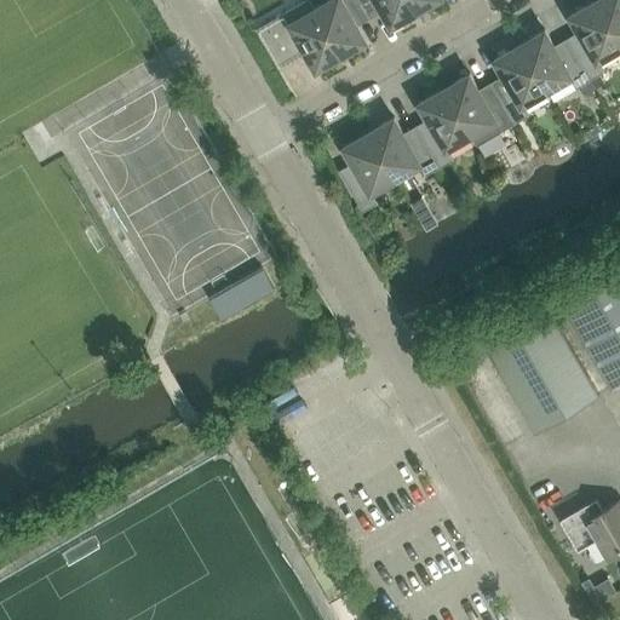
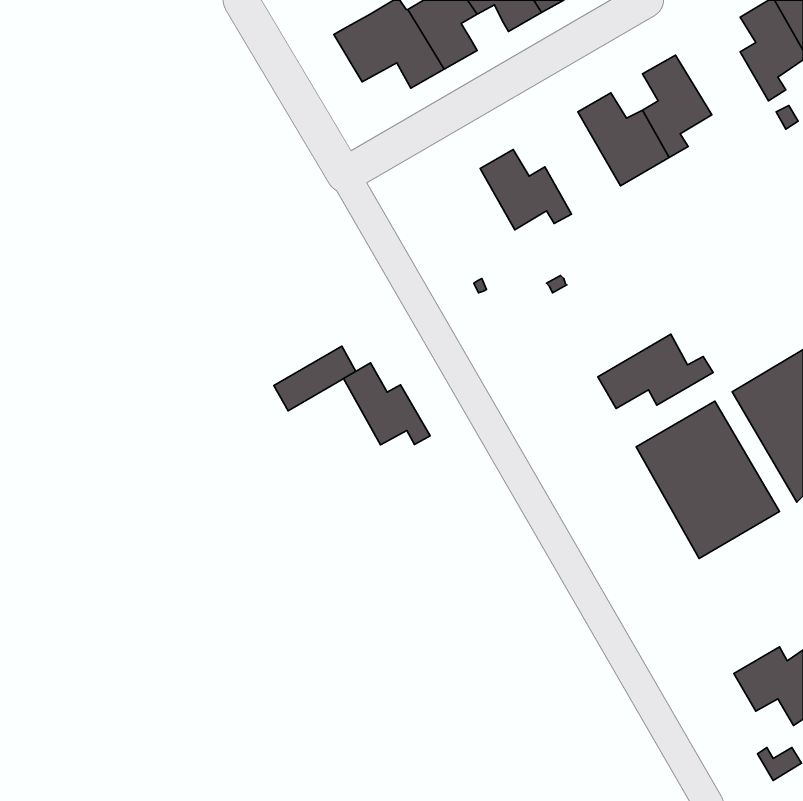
building: [519,29,591,91] -> none
building: [419,88,477,167] -> none
building: [343,132,396,211] -> none
building: none -> [598,334,713,408]
building: none -> [344,363,430,445]

